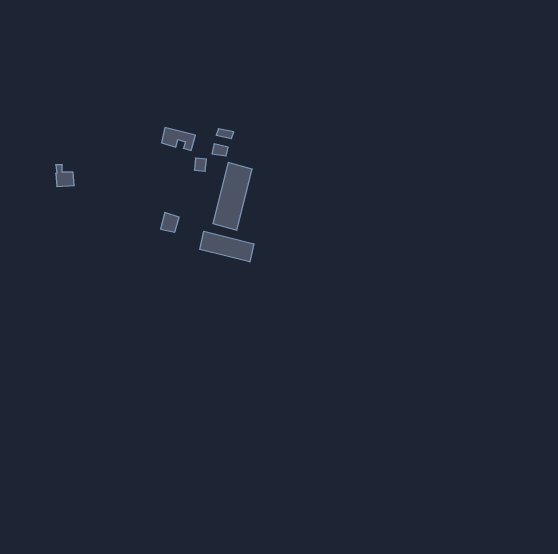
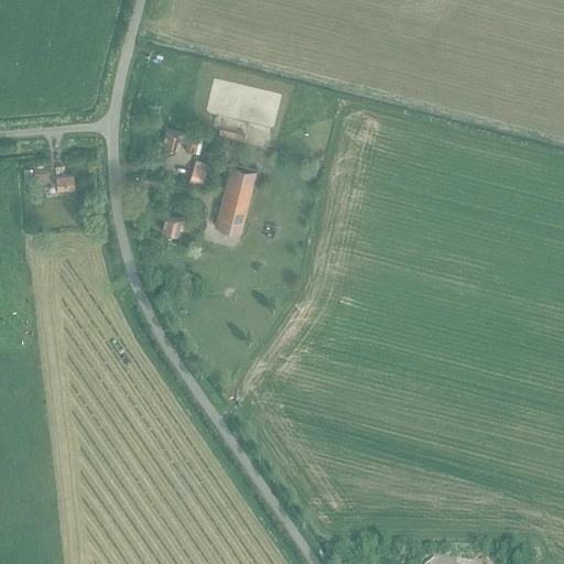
building: [200,231,254,262] -> none

